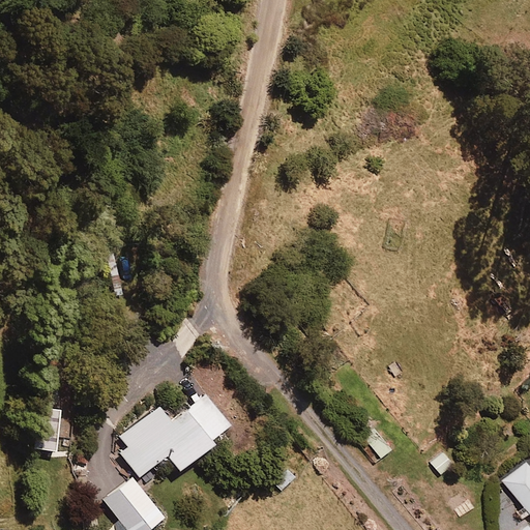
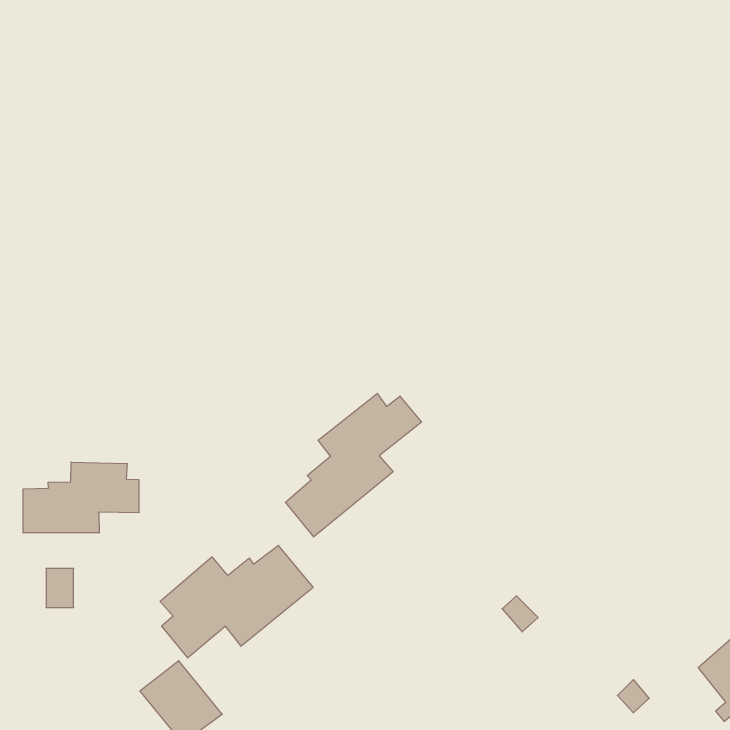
building: none -> [286,393,421,537]
building: none -> [23,462,139,533]

